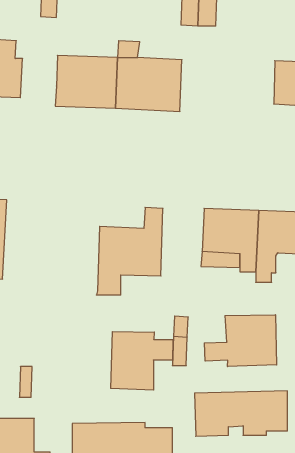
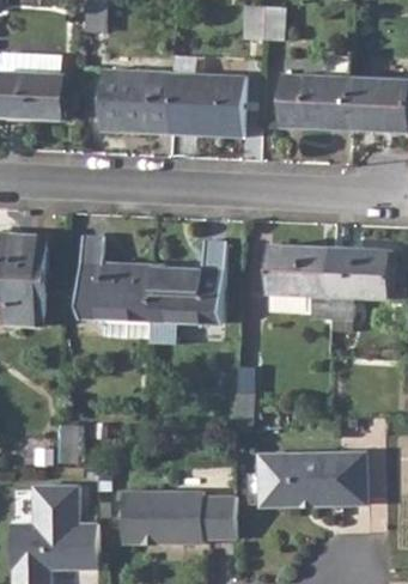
building: none -> [284,55,352,128]
building: none -> [78,239,152,340]
building: [204,315,277,367] -> none
building: [111,332,173,390] -> none

